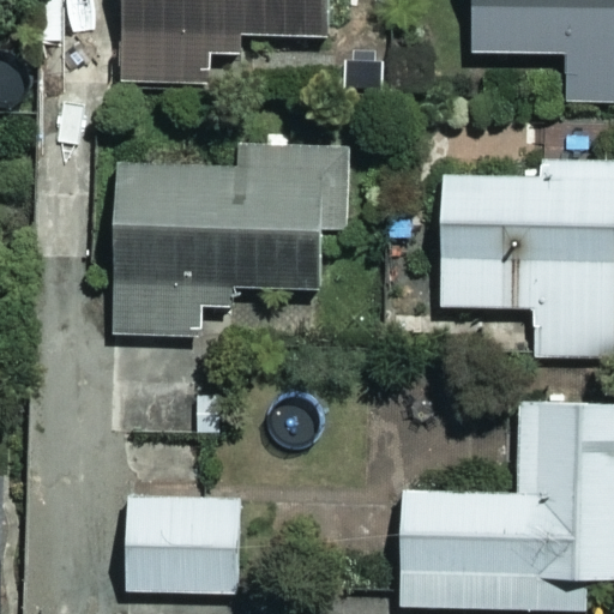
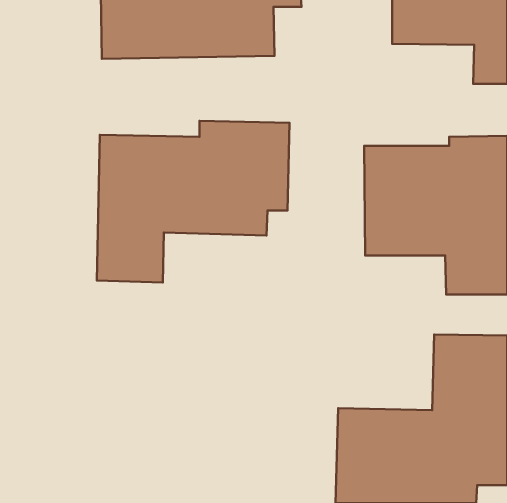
building: [130,496,241,591] -> none

